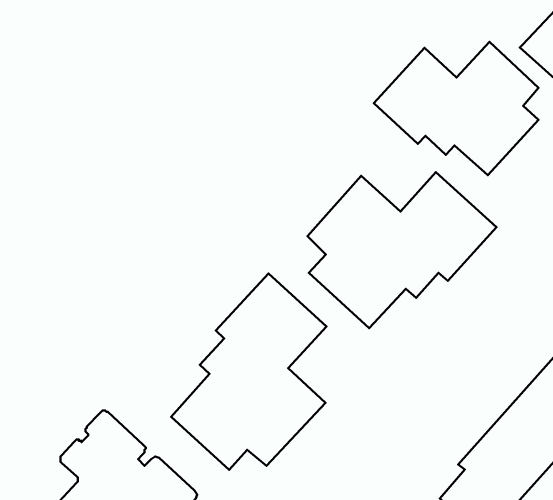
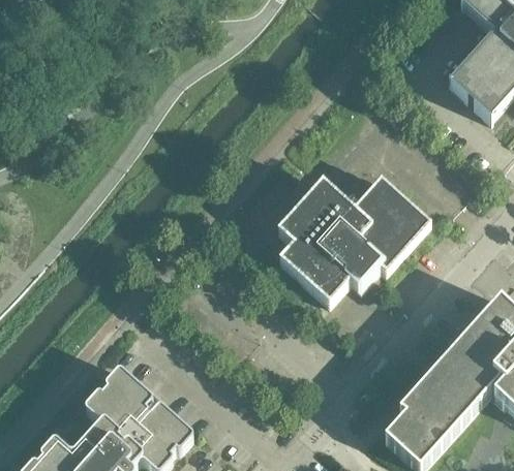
building: [374,42,539,175] -> none
building: [171,273,326,470] -> none

